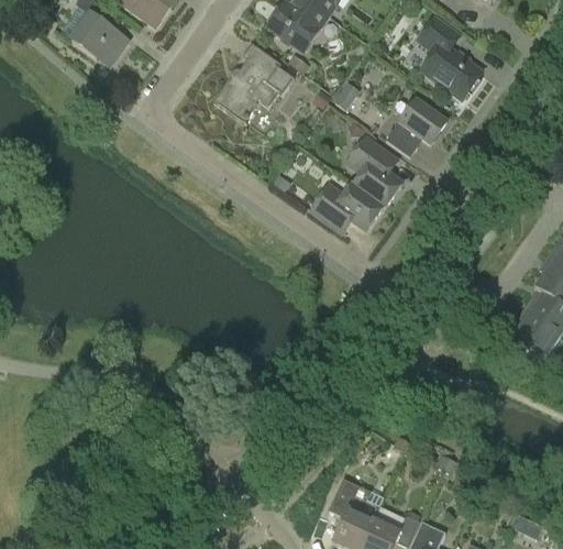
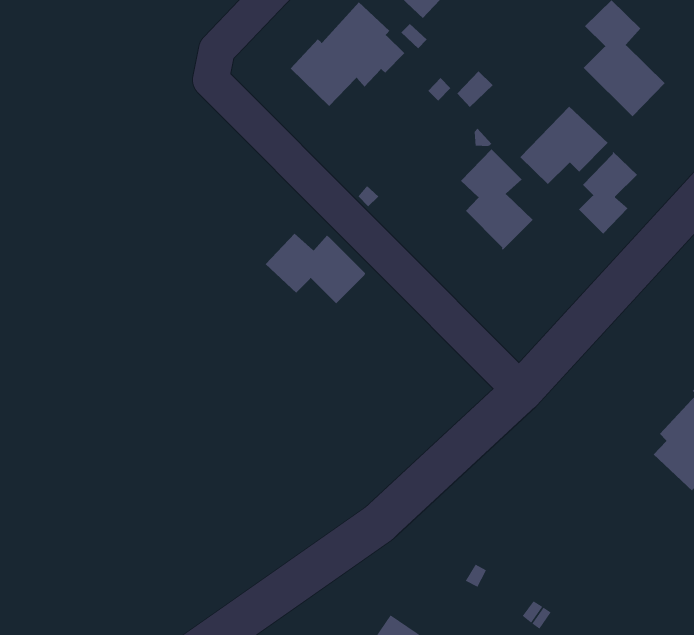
building: none -> [578,151,638,234]
building: [310,183,383,231] -> [265,233,366,304]

